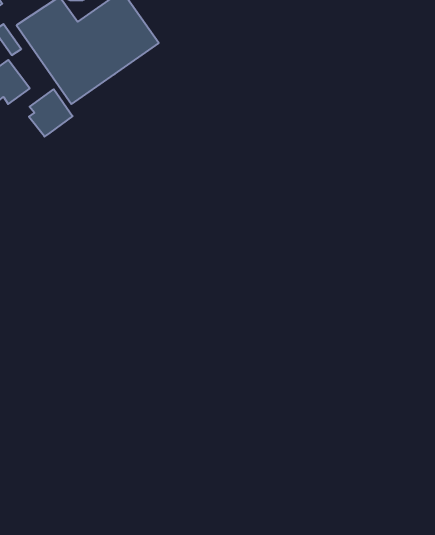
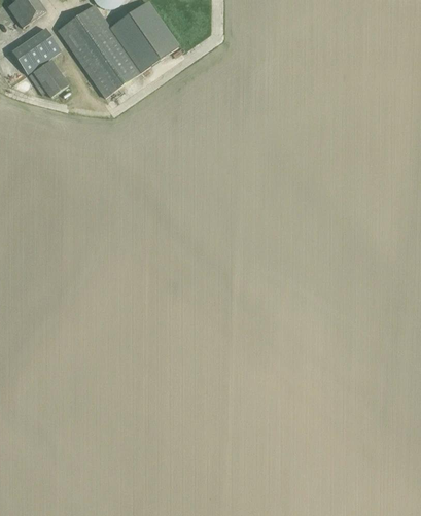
building: [29,89,73,137] -> none

